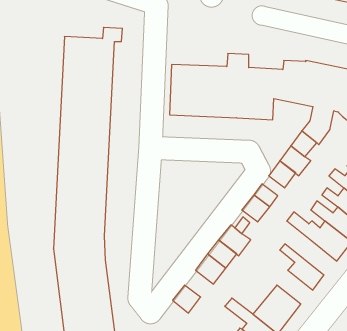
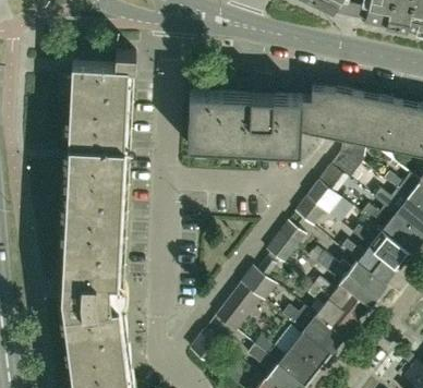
building: none -> [314,278,371,320]
building: none -> [283,305,345,352]

